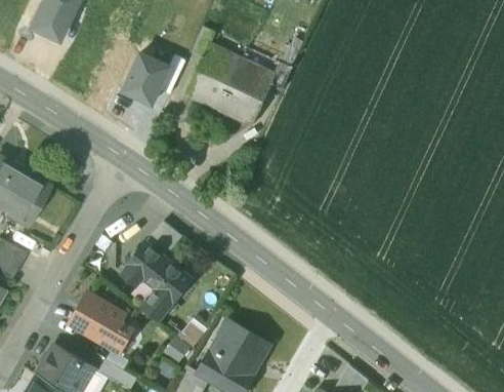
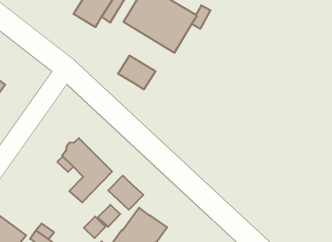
building: none -> [118,56,155,89]
building: none -> [108,176,143,210]
building: [71,296,128,351] -> none

